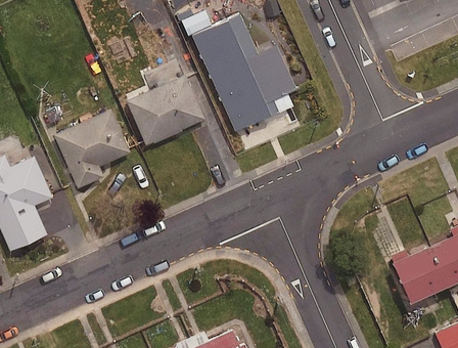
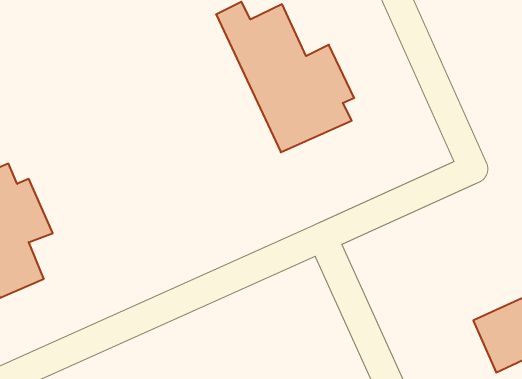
building: [127,74,205,145] -> none
building: [54,110,129,187] -> none

